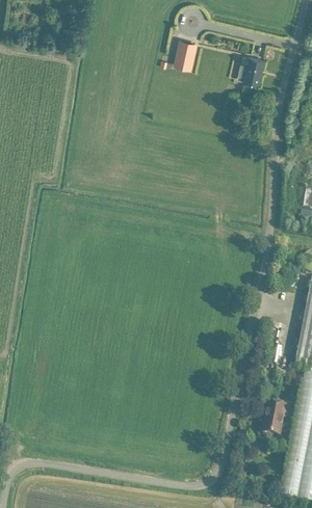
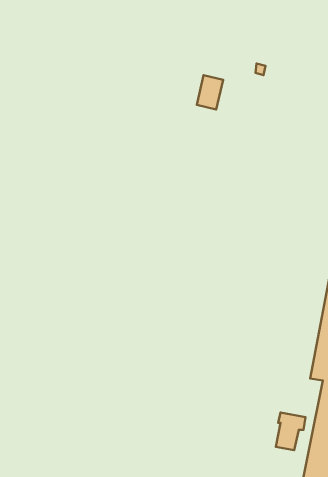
building: [174,36,198,68] -> [197,75,223,109]
building: [238,53,265,81] -> none

